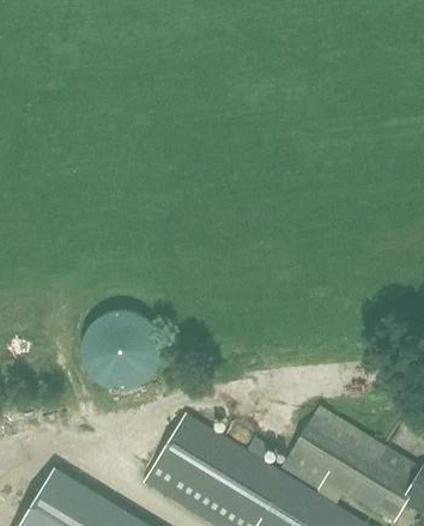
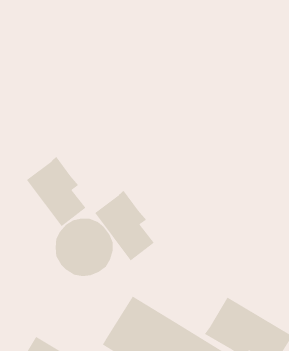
building: none -> [26,156,86,227]
building: none -> [94,190,155,262]

